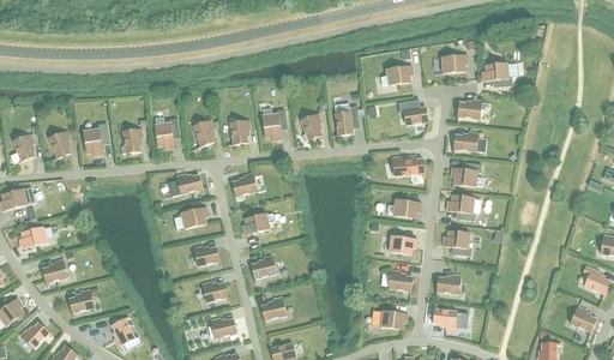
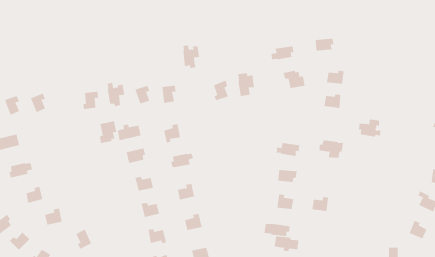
building: [481,61,511,85] -> none
building: [261,107,285,139] -> [182,45,200,68]
building: [83,121,109,155] -> none
building: [391,154,423,175] -> none
building: [450,161,482,186] -> [358,119,382,137]
building: none -> [99,120,117,144]
building: [441,229,470,256] -> none
building: [432,307,466,329] -> [274,236,299,252]

